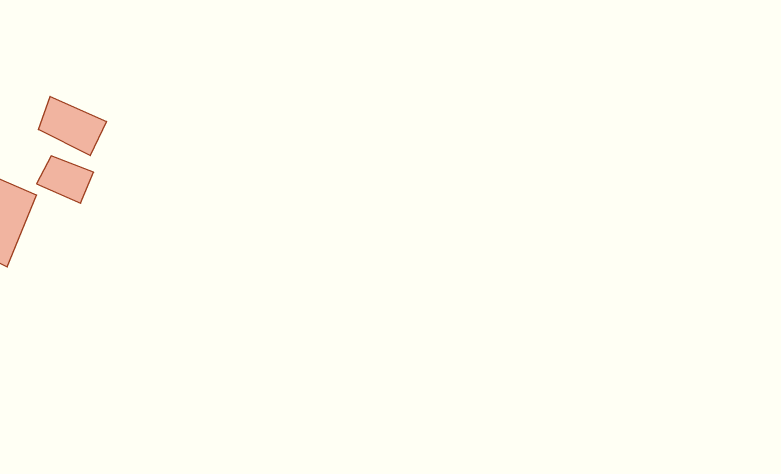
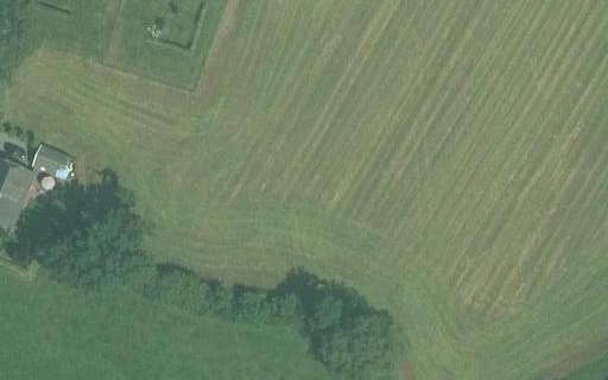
building: [38,96,106,156] -> none

